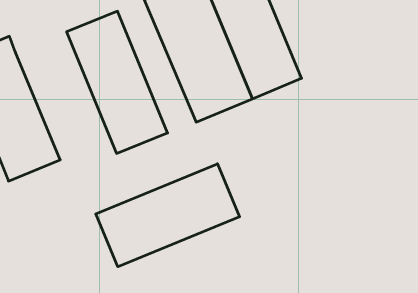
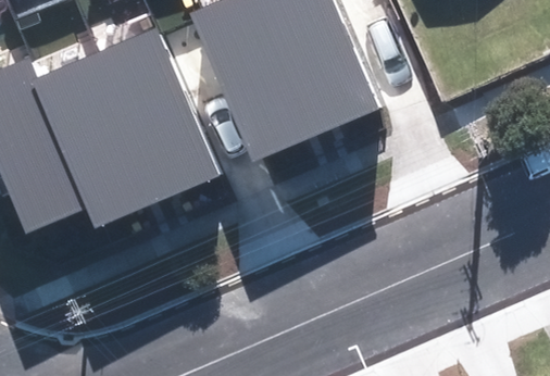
building: none -> [33,52,155,225]
building: [96,164,240,267] -> none

